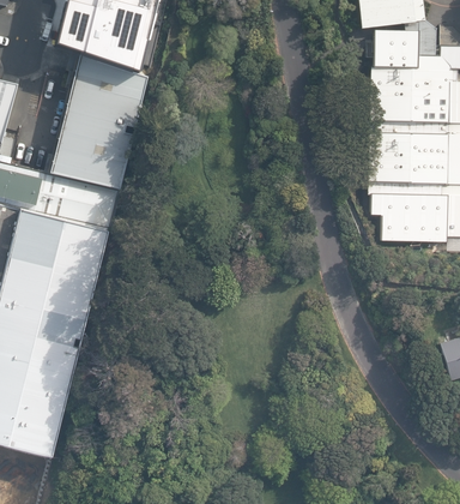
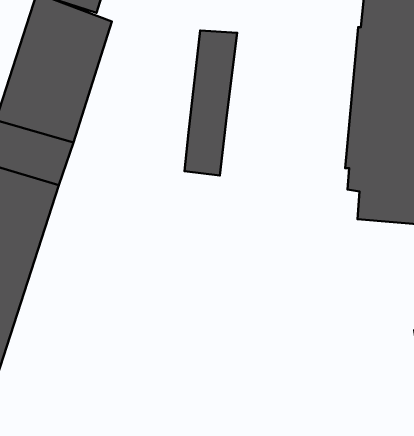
building: none -> [185,31,237,176]

